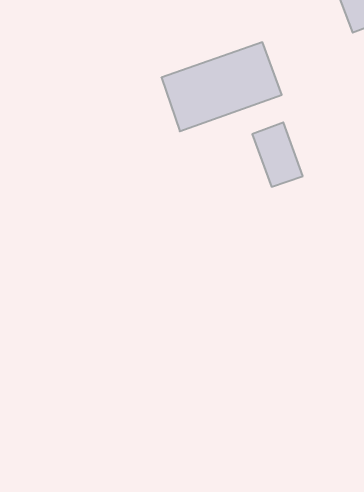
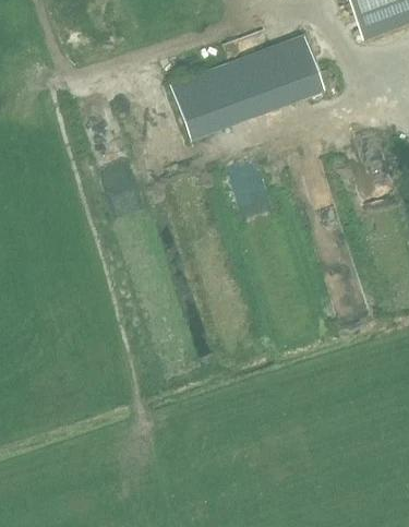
building: [252,122,303,187] -> [274,36,325,101]

